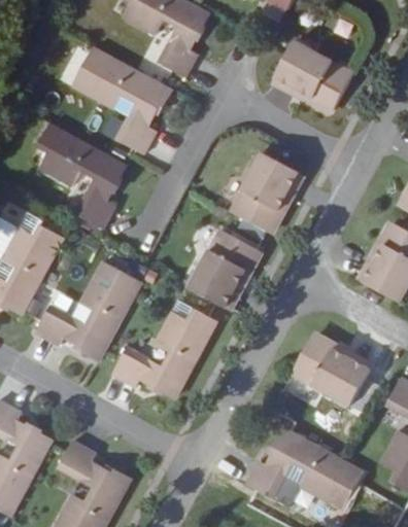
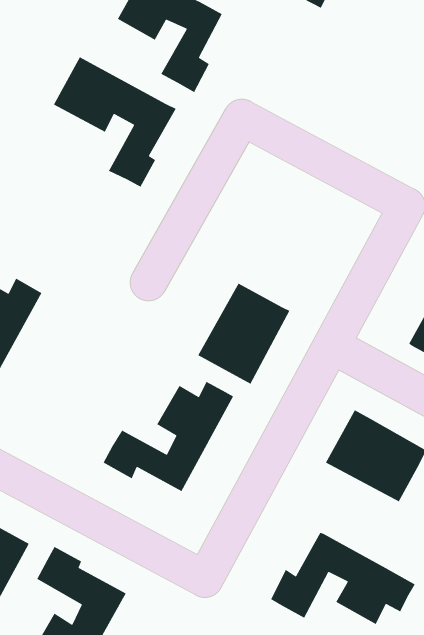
building: [271,39,353,114] -> none
building: [36,121,127,227] -> none
building: [230,152,305,234] -> none
building: [34,260,142,360] -> none

